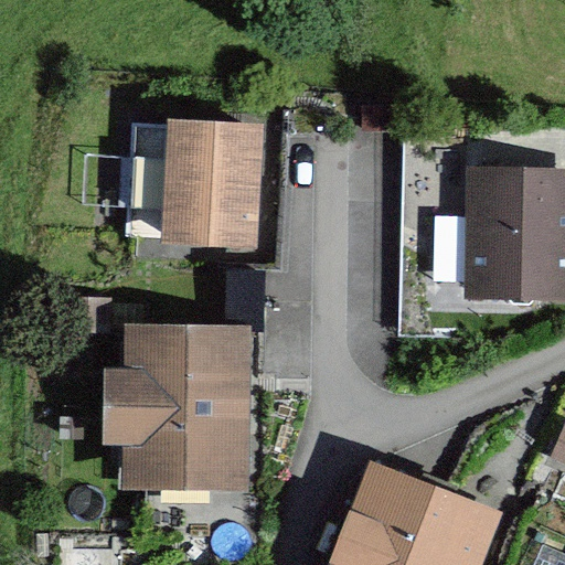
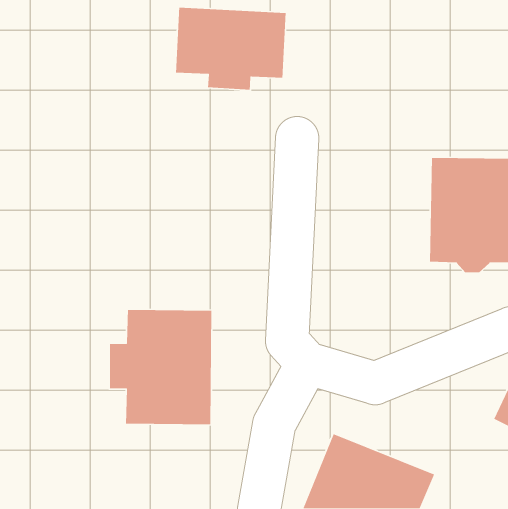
building: none -> [175,7,287,90]
building: [129,121,256,241] -> none

